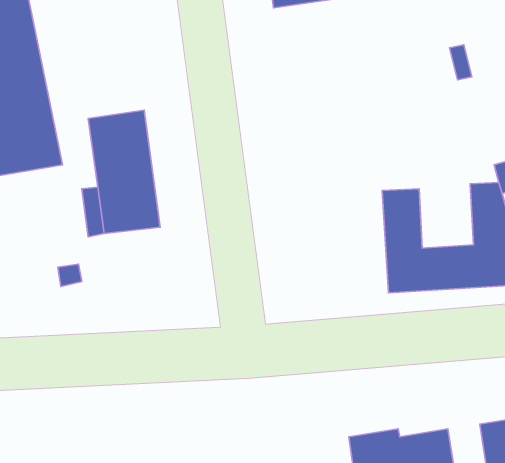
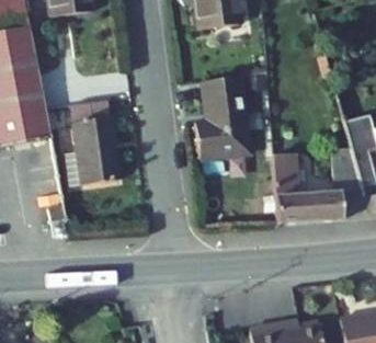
building: none -> [197,76,251,159]

